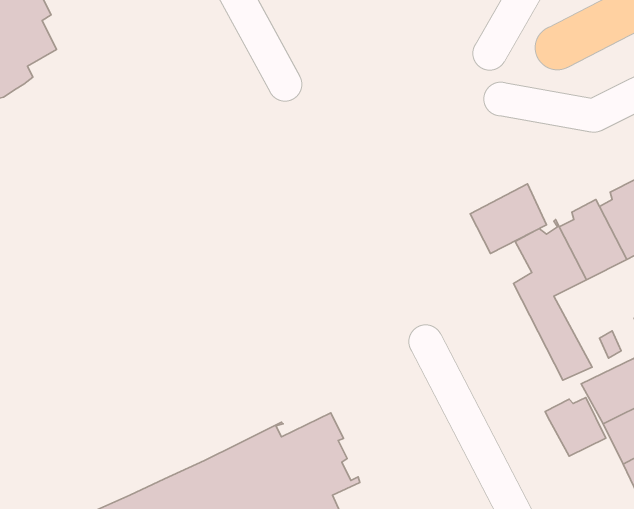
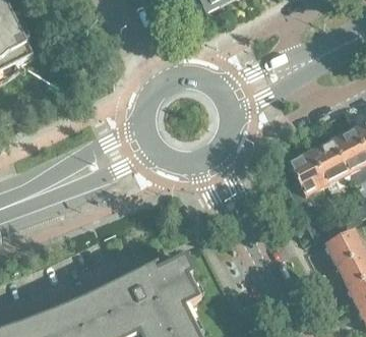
building: [470,184,546,253] -> none
building: [545,398,606,456] -> none

